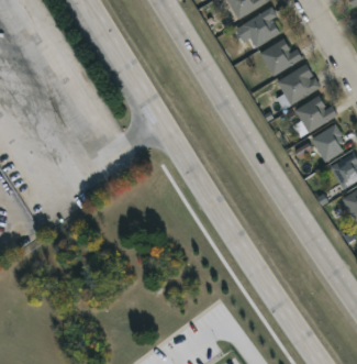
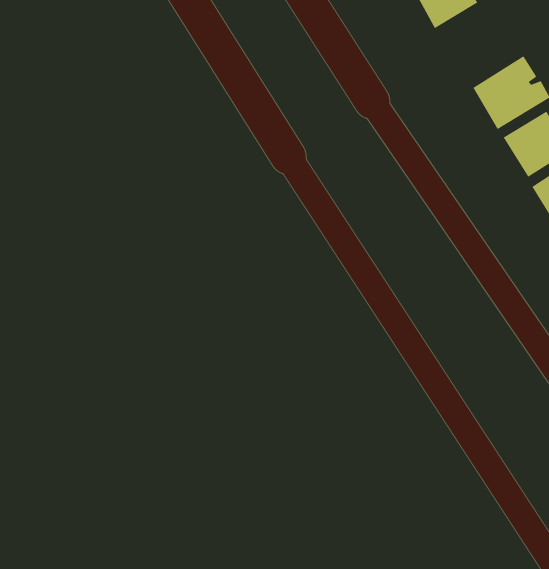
building: [259,37,303,76] -> none

